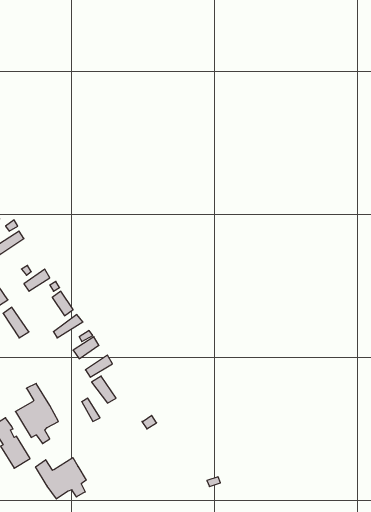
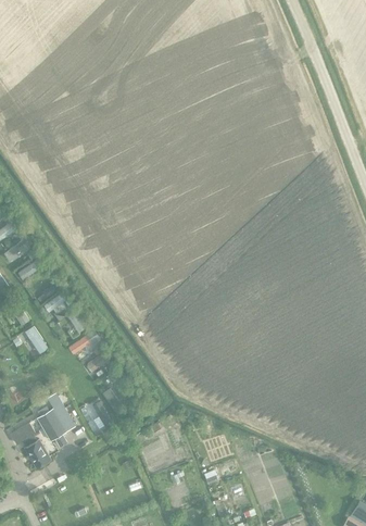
building: [36,458,86,499] -> none

